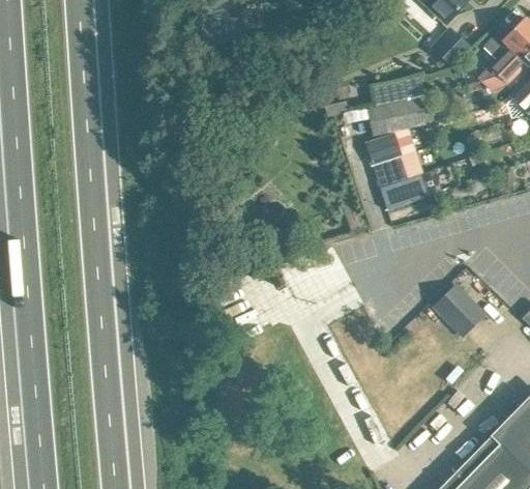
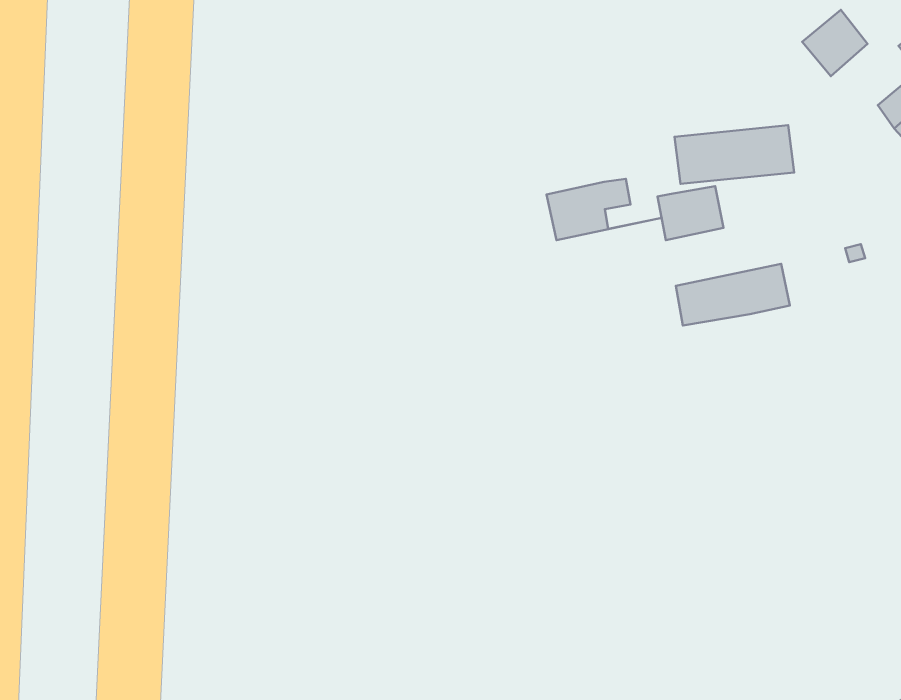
building: [367,81,410,107] -> none
building: [374,151,437,189] -> [546,179,662,240]
building: [436,284,482,332] -> none

